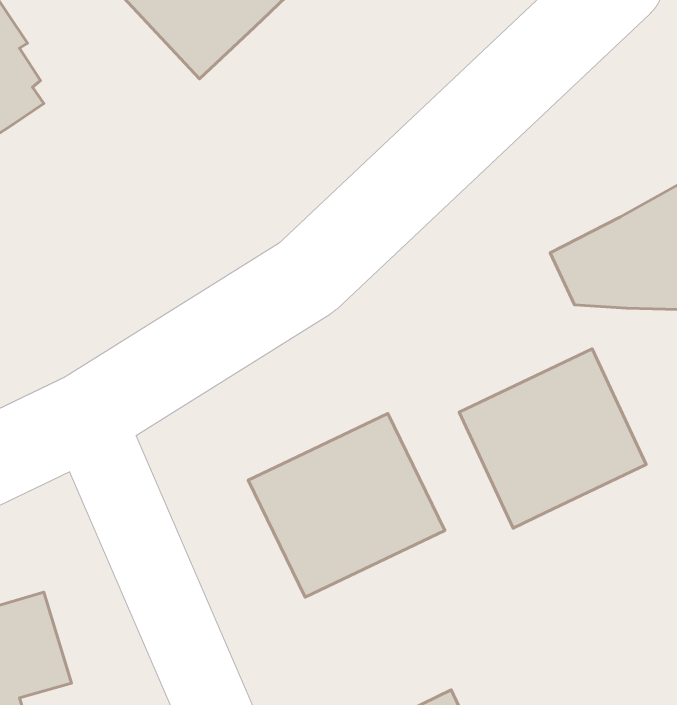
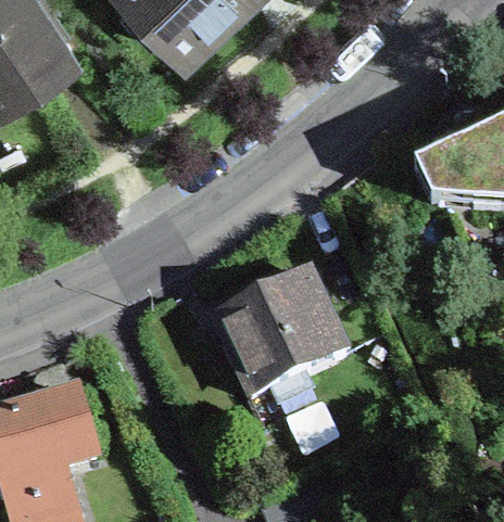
building: [459,349,646,528] -> none

